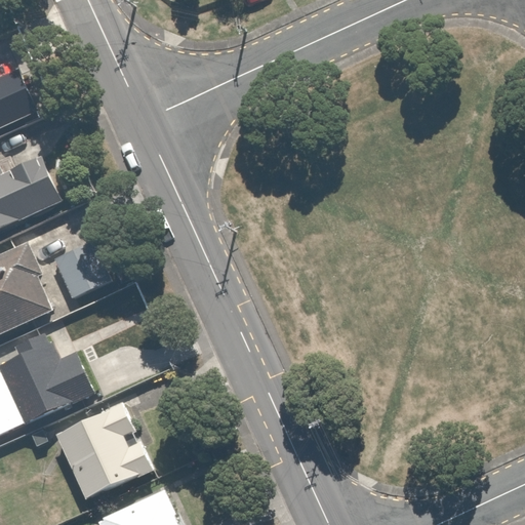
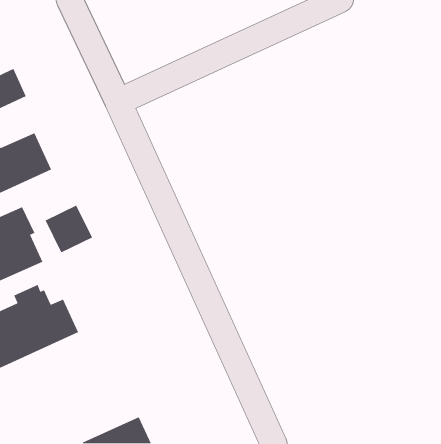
building: [53,404,152,500] -> none

